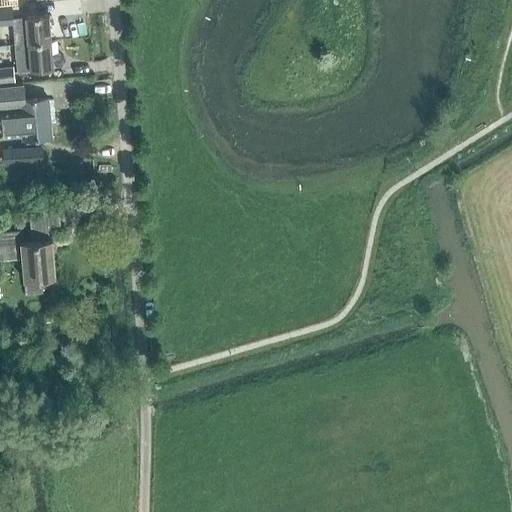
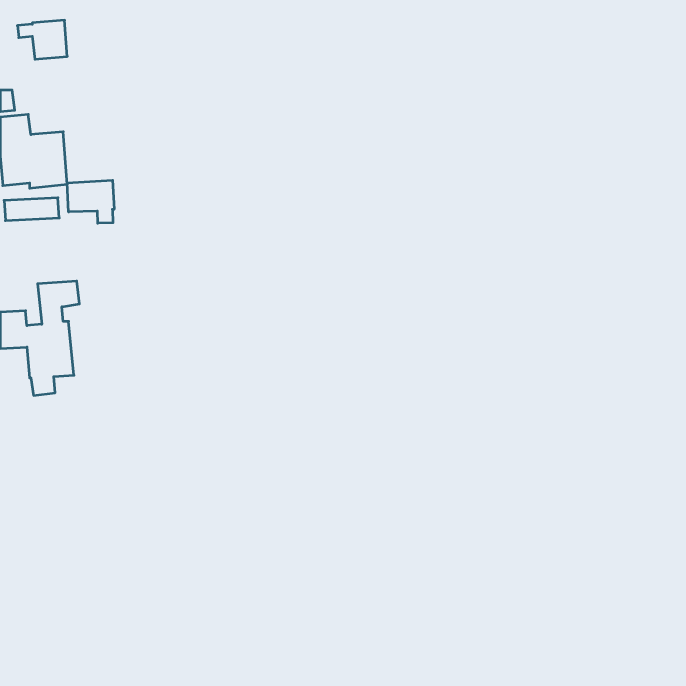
building: [16,43,54,72] -> none
building: none -> [67,180,114,223]

